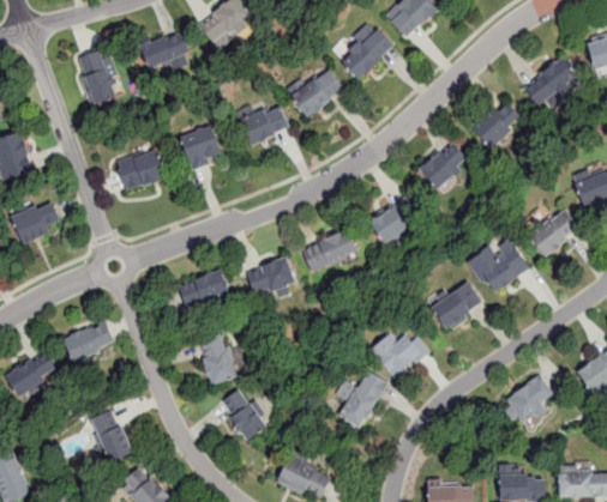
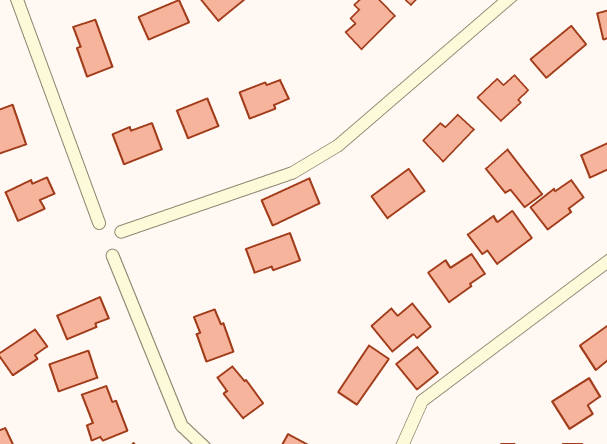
building: [293,72,341,117] -> none
building: none -> [486,149,542,207]
building: [304,230,360,276] -> [262,178,320,225]
building: [179,272,229,312] -> none
building: none -> [396,347,438,389]
building: none -> [50,351,97,391]
building: [503,374,549,423] -> [552,378,600,429]

